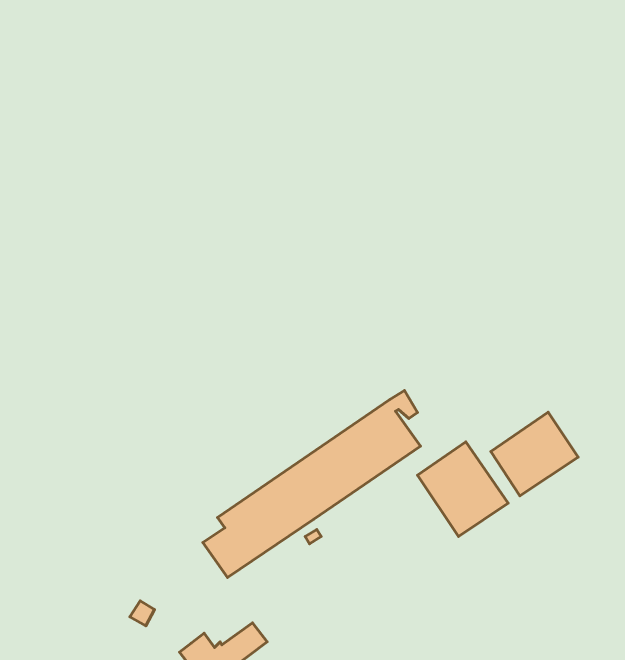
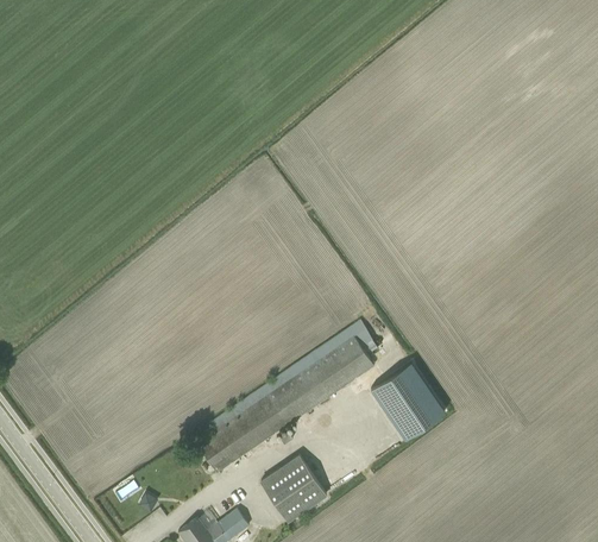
building: [491,412,578,496] -> none
building: none -> [260,455,326,521]

